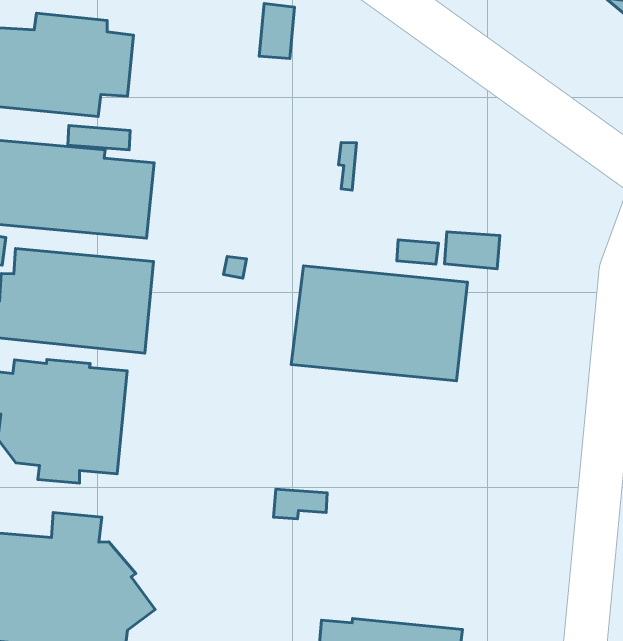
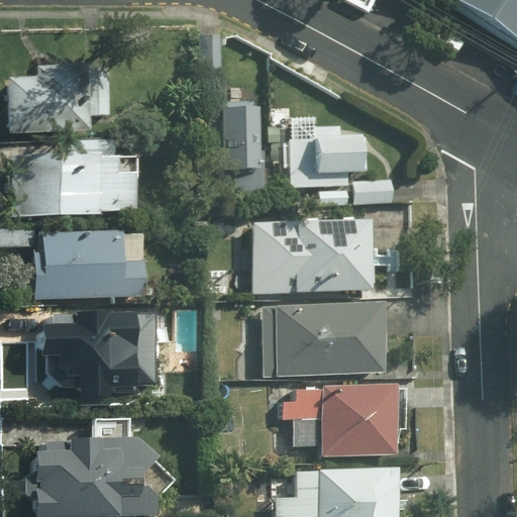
building: none -> [220,103,263,201]
building: none -> [288,119,368,190]
building: none -> [265,301,386,377]
building: none -> [278,384,399,454]

